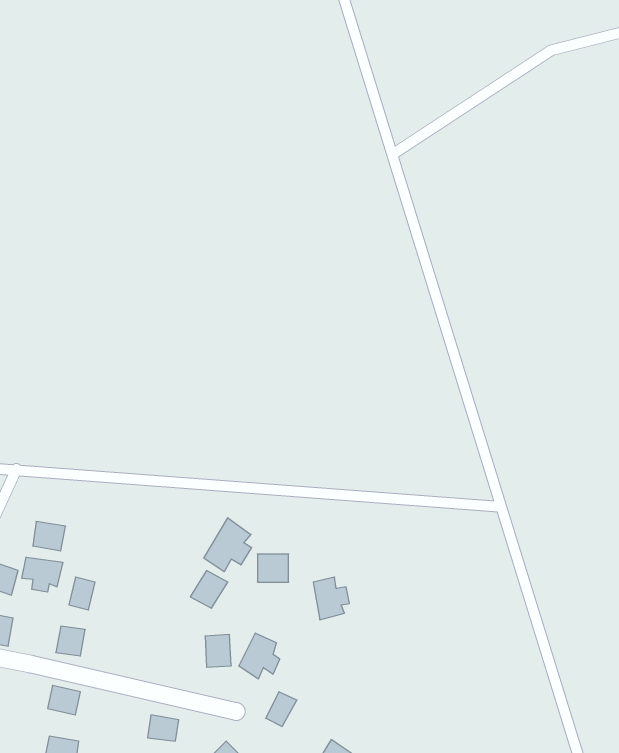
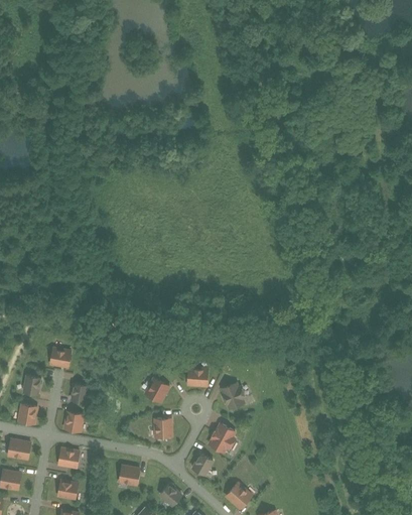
building: [204,518,252,572] -> none
building: [22,557,63,592] -> none
building: [239,633,280,679] -> [210,422,235,450]

